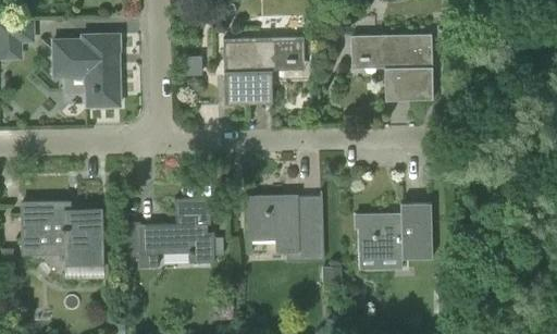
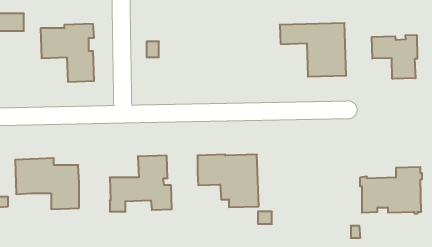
building: [223,37,304,104] -> none
building: none -> [372,35,417,79]
building: [356,203,433,261] -> [360,167,422,214]

